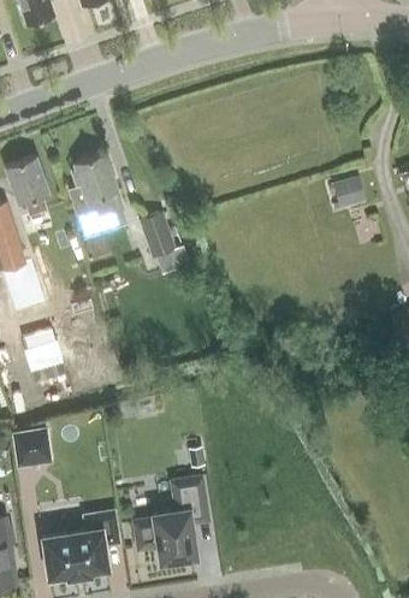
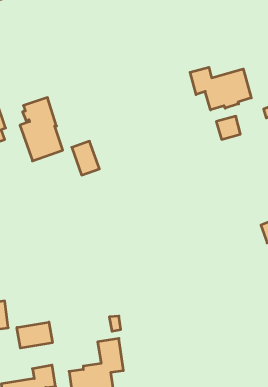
building: none -> [190,67,251,110]
building: none -> [17,322,52,348]

